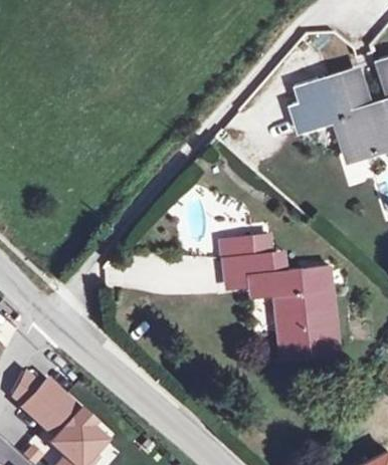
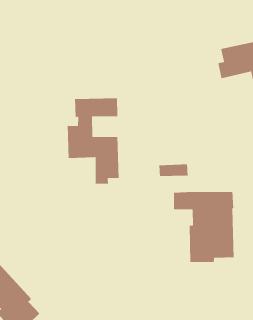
building: none -> [67,98,119,185]
building: [221,241,271,286] -> none

